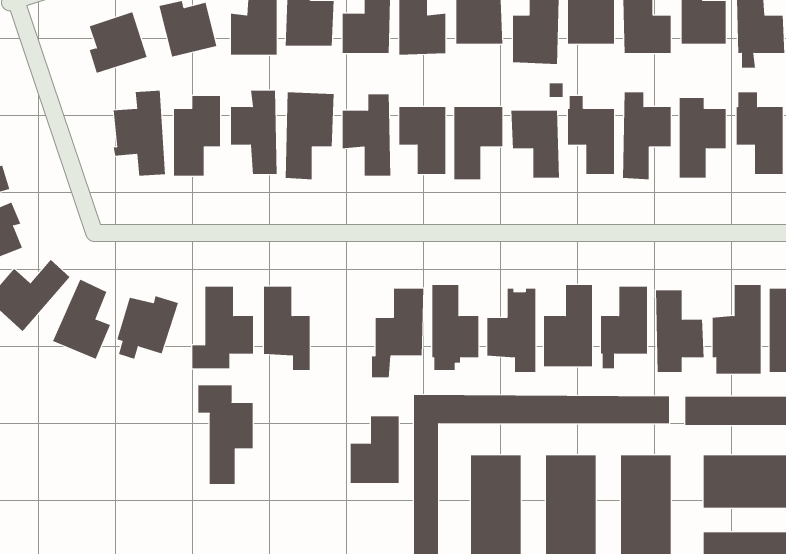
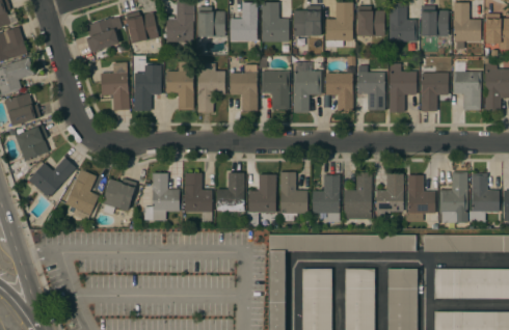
building: [198,384,253,485] -> none
building: [350,416,399,483] -> [216,173,244,212]

